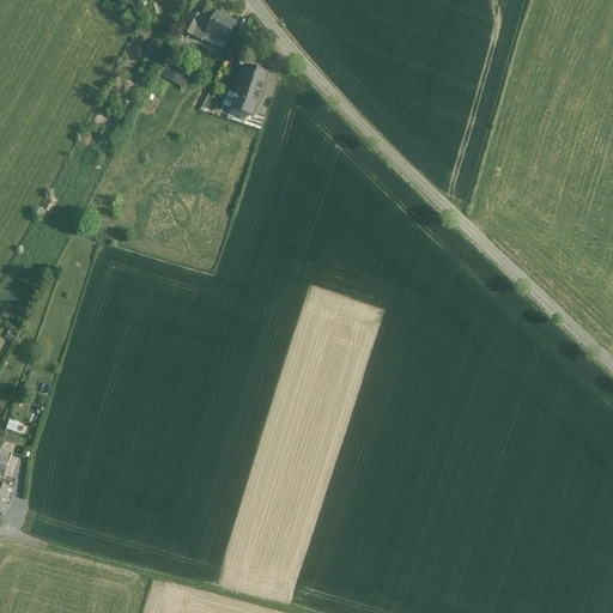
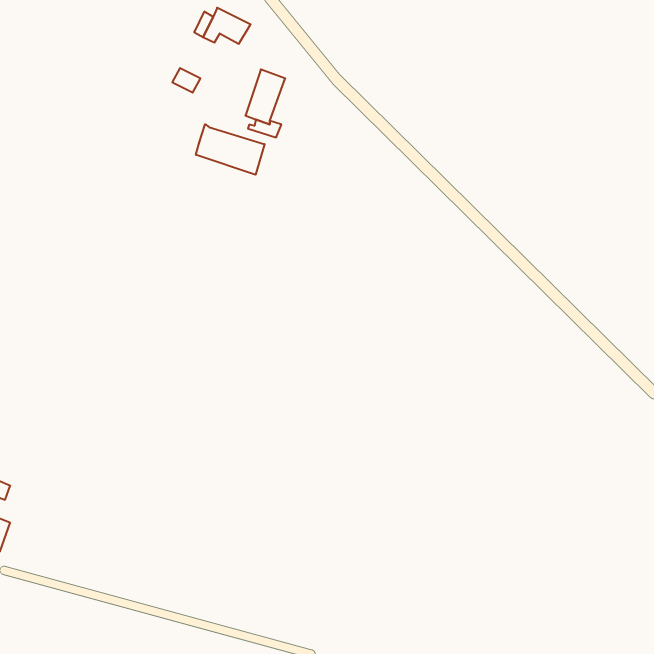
building: none -> [196,124,265,175]

